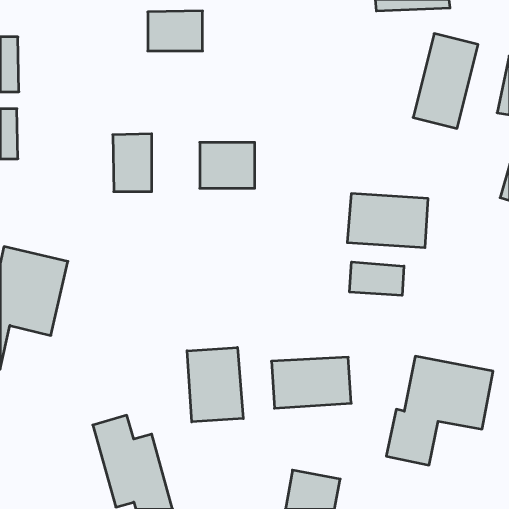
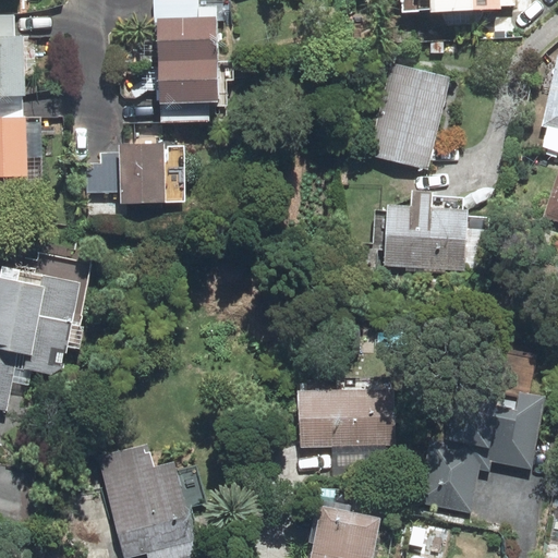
building: [413,34,478,128] -> [375,66,446,170]
building: [200,142,255,188] -> [162,56,222,106]
building: [350,262,404,295] -> none
building: [187,347,243,422] -> none

